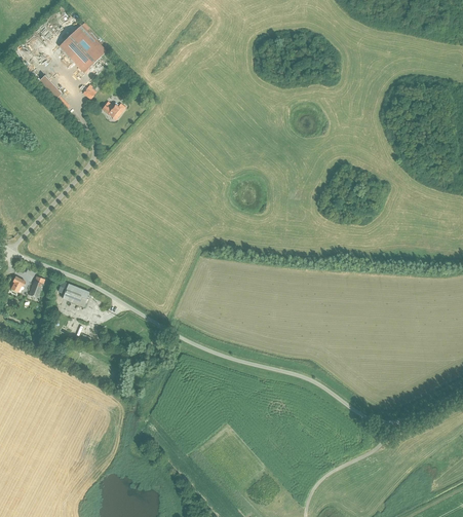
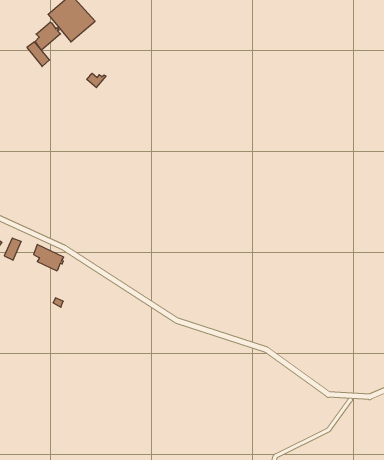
building: none -> [35,22,61,50]

